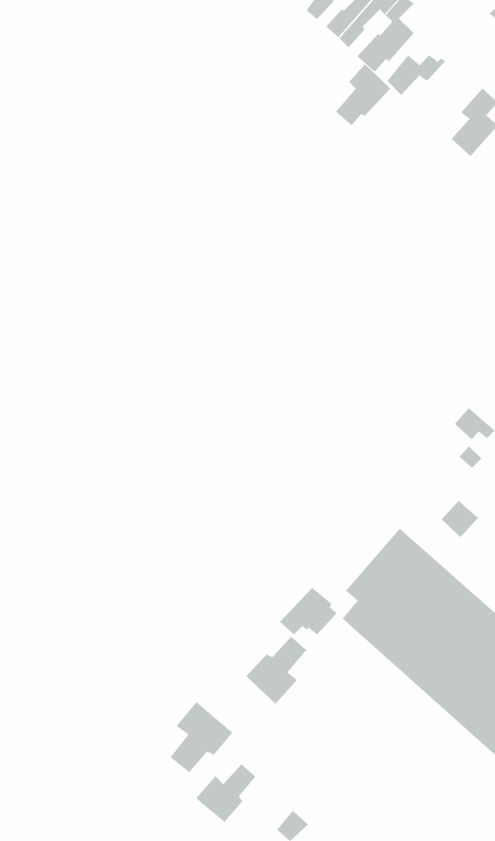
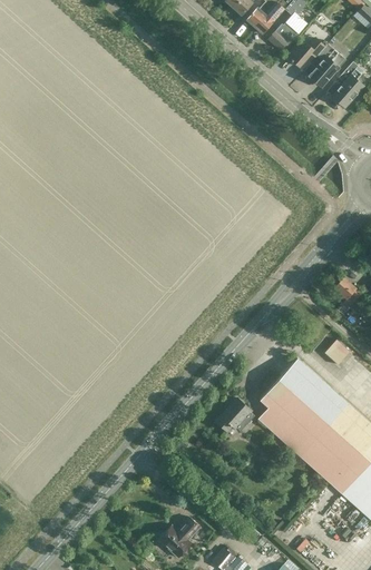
building: [335,64,391,126] -> [307,42,345,85]
building: [245,636,307,704] -> none
building: [170,701,233,773] -> none

